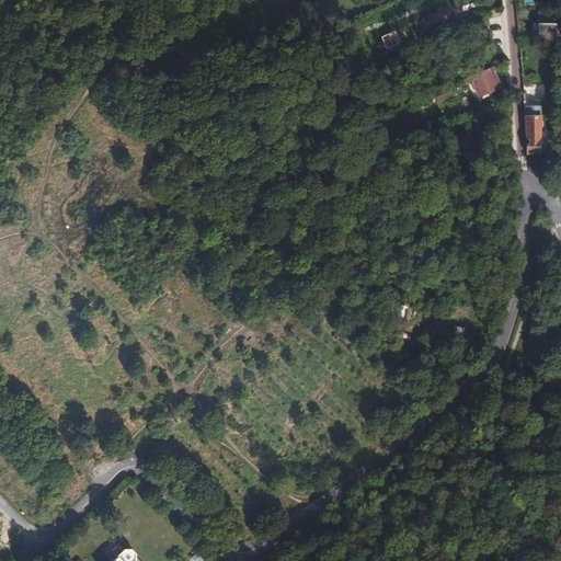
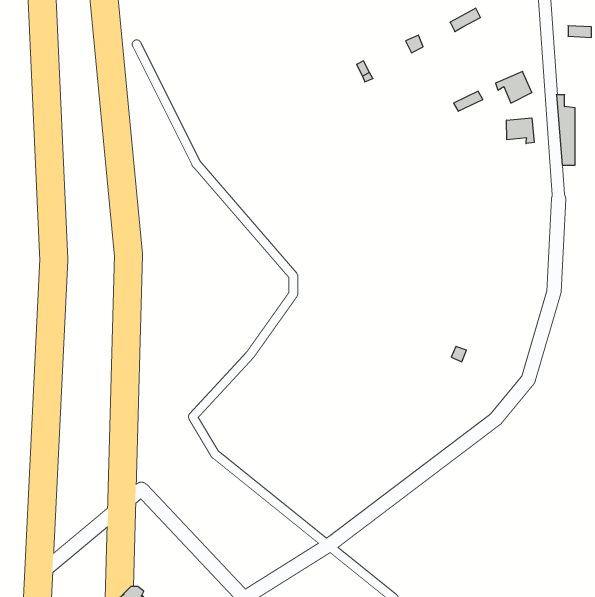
building: none -> [507,118,534,144]

